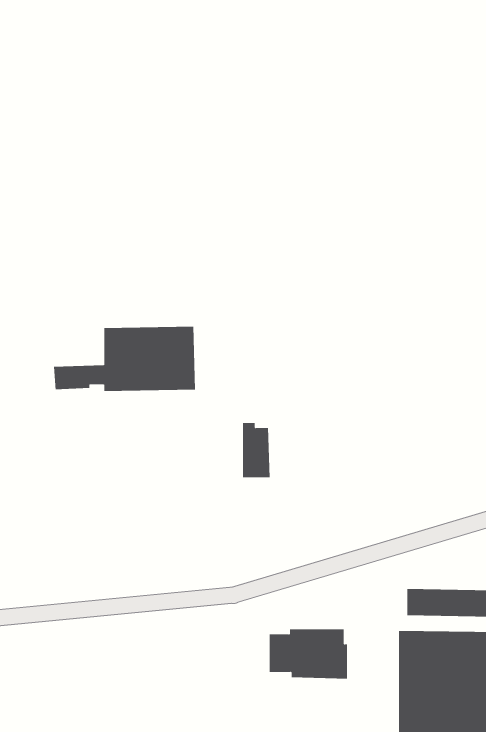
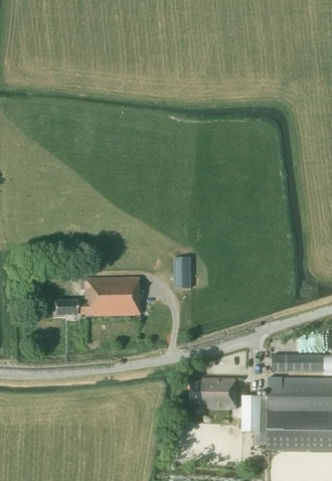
building: [53,326,196,392] -> [54,277,140,316]
building: none -> [242,395,268,432]

